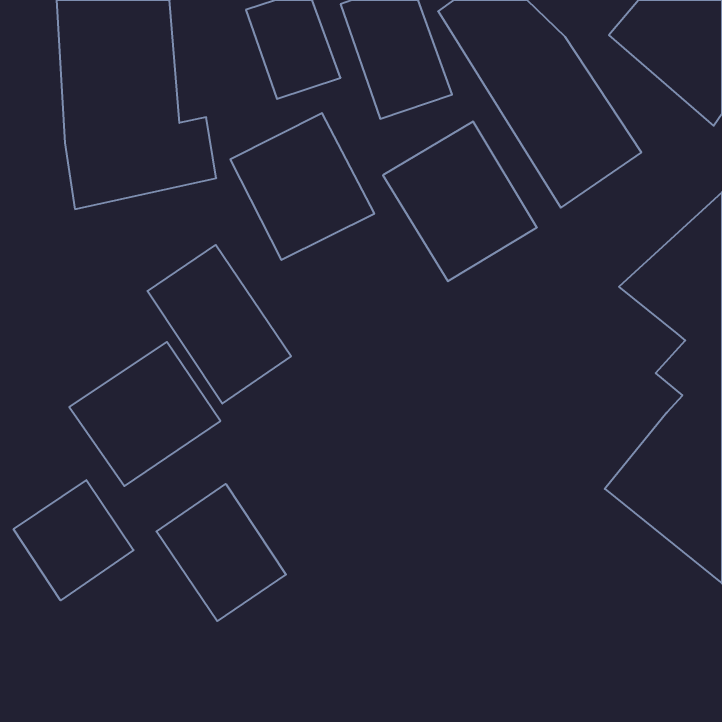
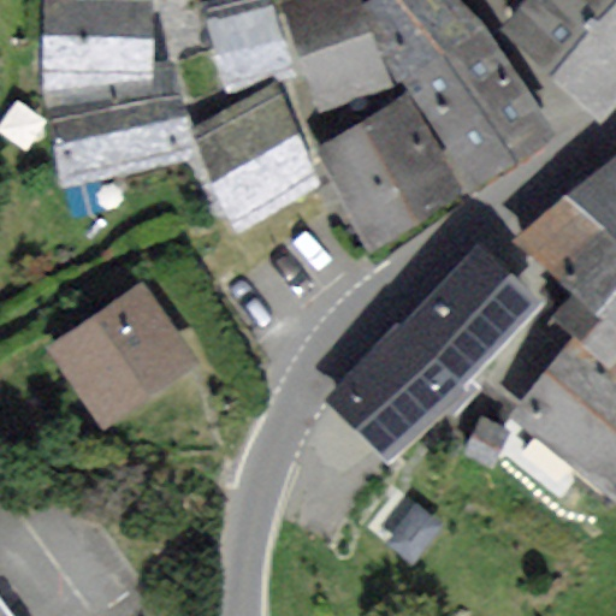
building: [147,245,291,404] -> none
building: none -> [338,249,531,446]
building: [14,480,134,600] -> none
building: [156,484,286,621] -> none

